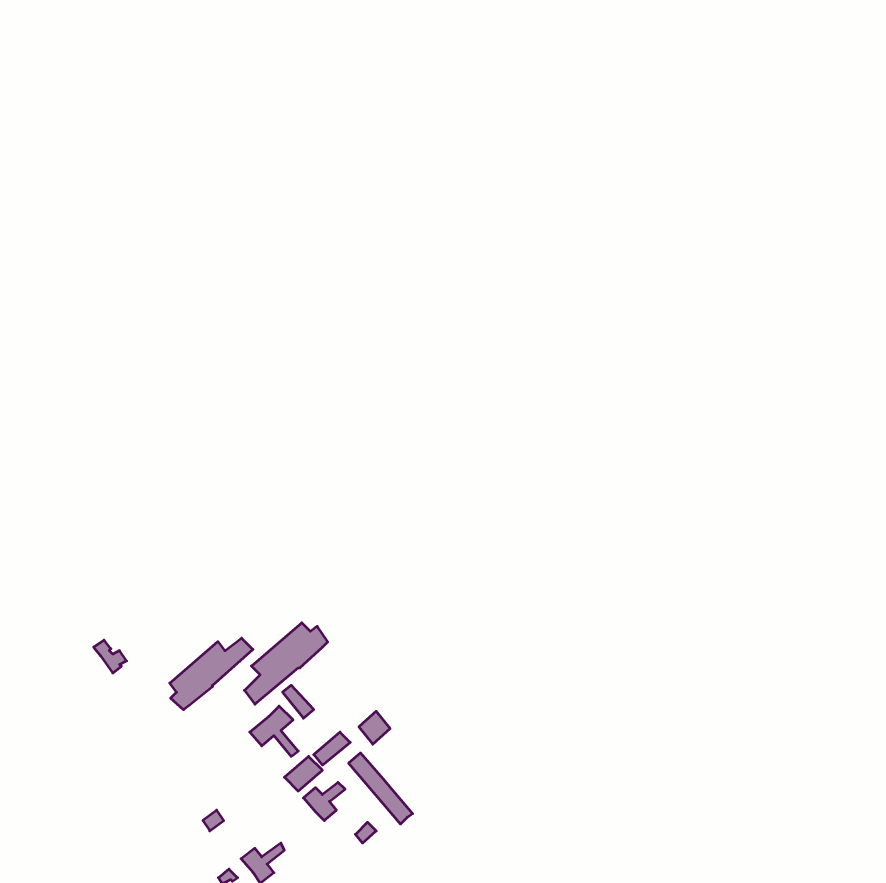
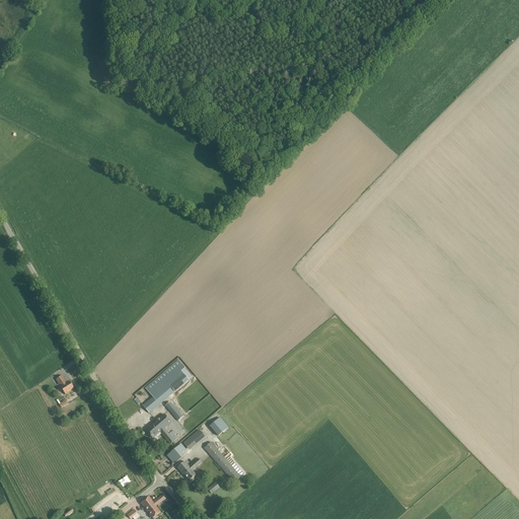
building: [170,638,253,710] -> none

